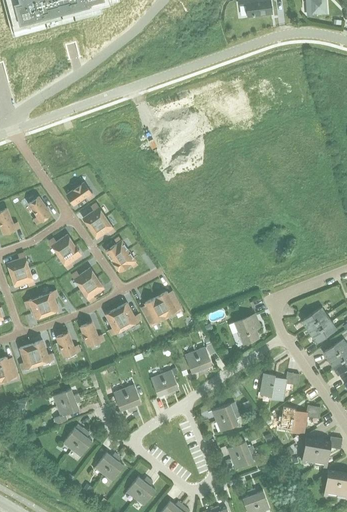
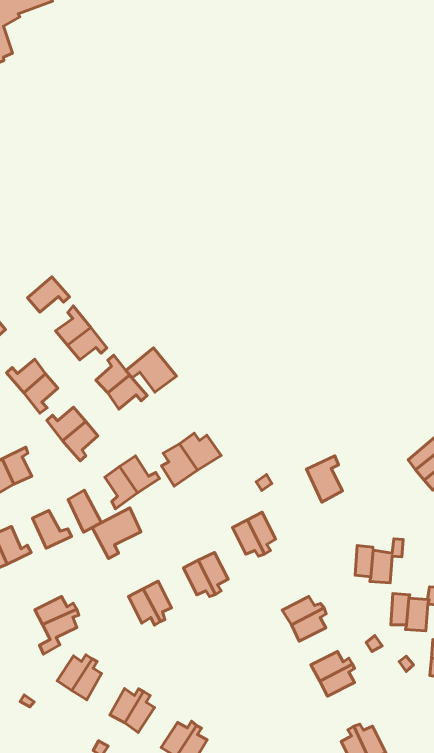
building: none -> [126,348,176,392]
building: none -> [92,508,141,559]

